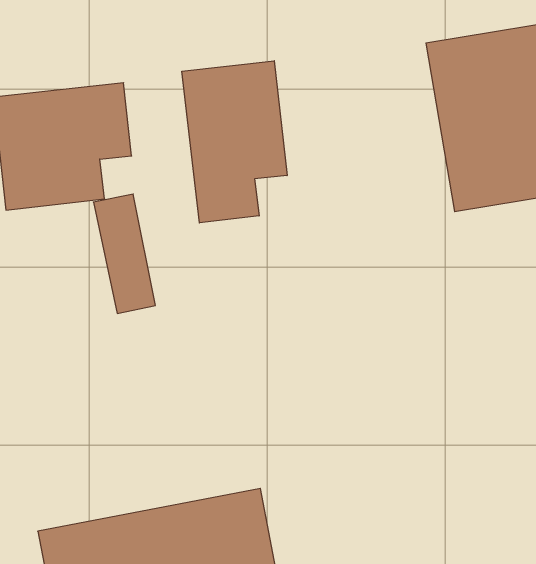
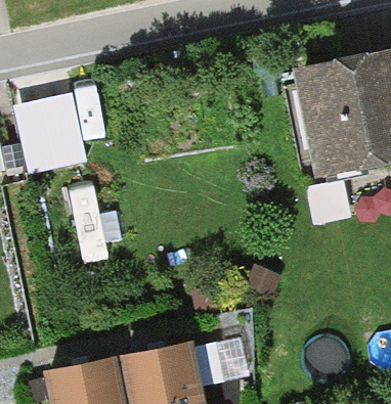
building: [182,61,287,223] -> none

